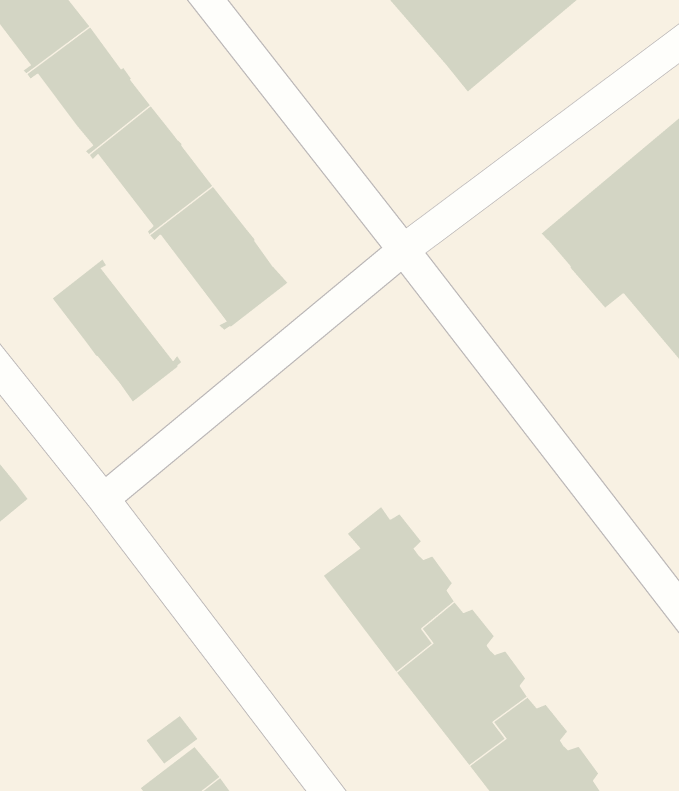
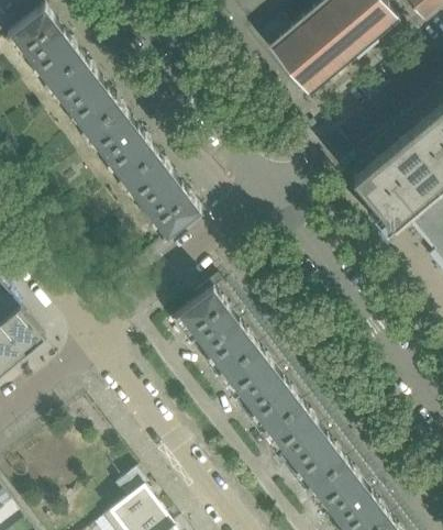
building: [52,258,182,402] -> none
building: none -> [169,285,256,386]

